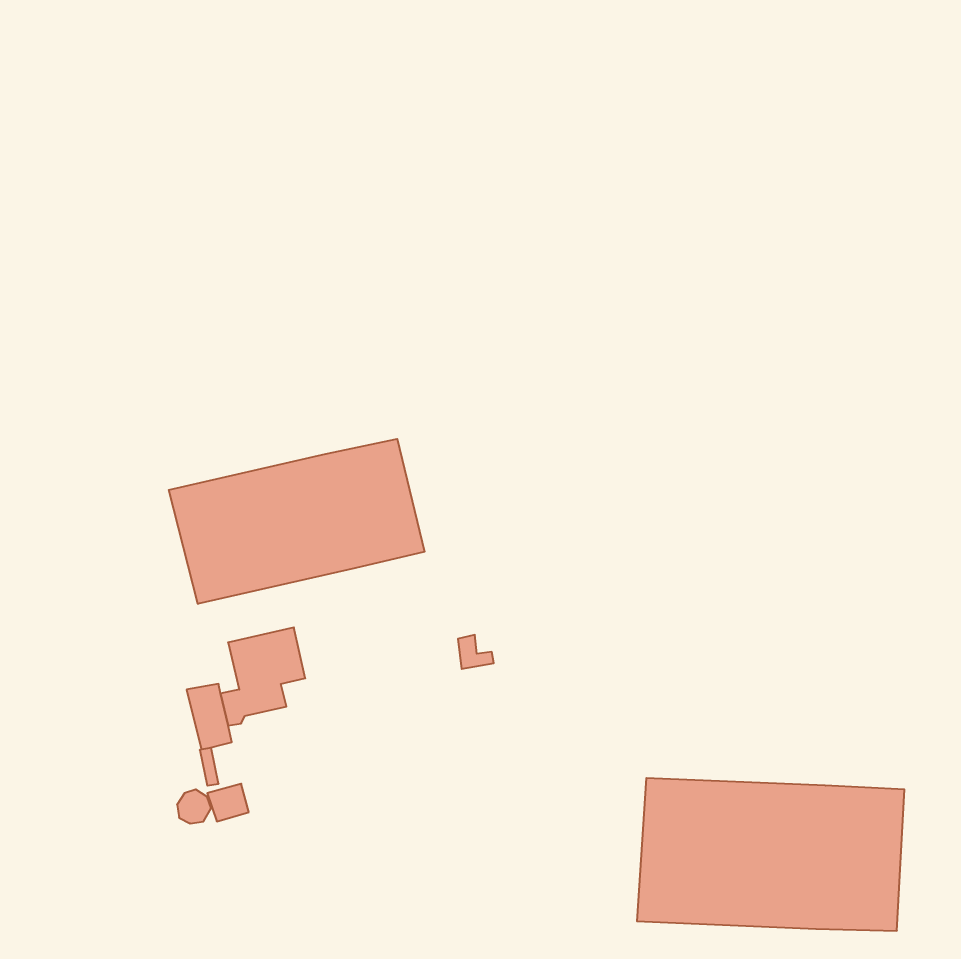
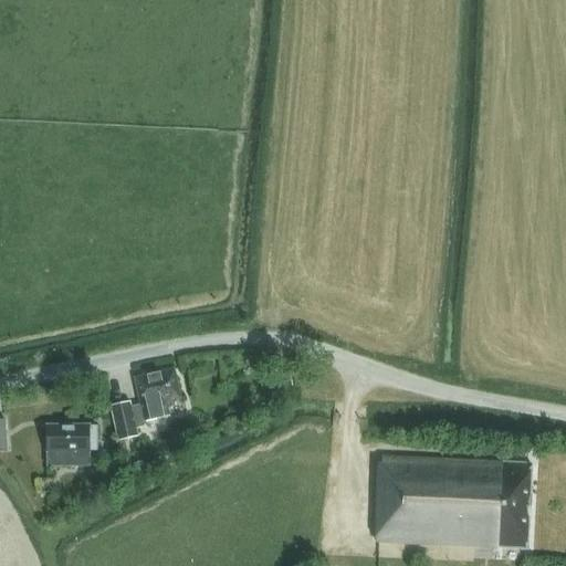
building: [169,439,425,604] -> none
building: none -> [45,424,96,464]

